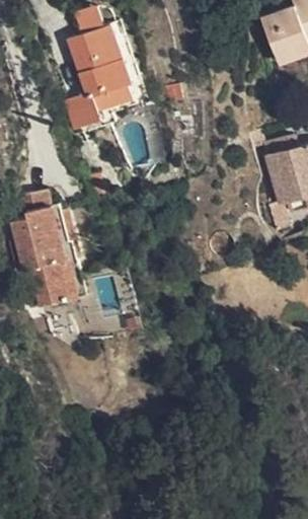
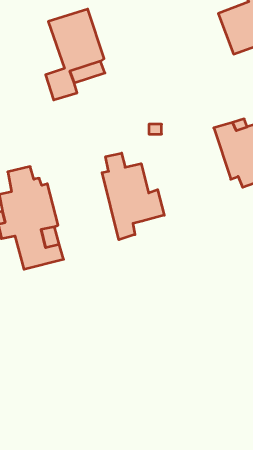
building: none -> [102,153,164,240]

